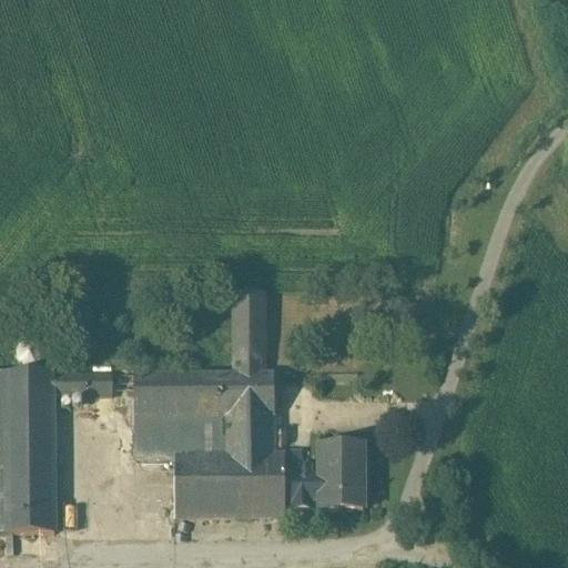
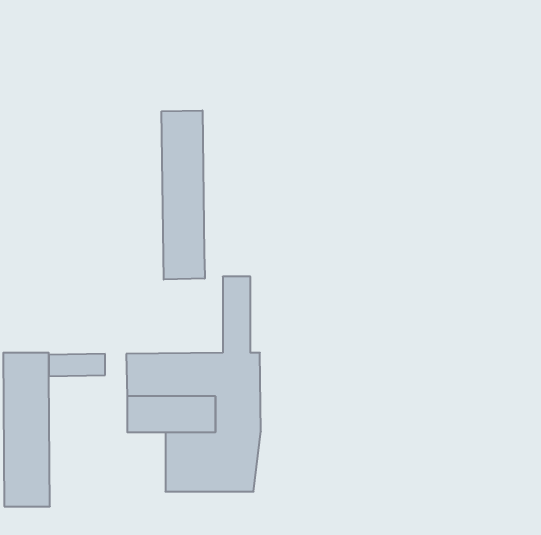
building: none -> [162,110,205,280]
building: [265,443,369,515] -> none

